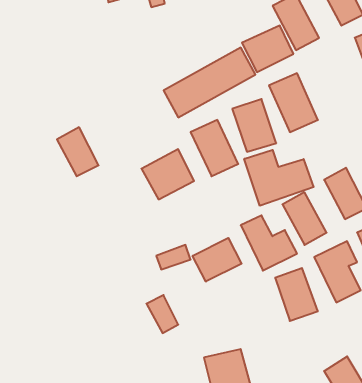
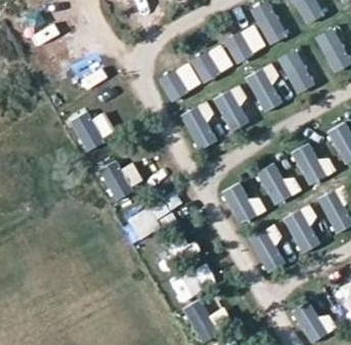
building: none -> [277,48,317,95]
building: [141,149,194,199] -> [100,157,143,198]
building: [244,150,314,206] -> none
building: [193,238,242,282] -> none

